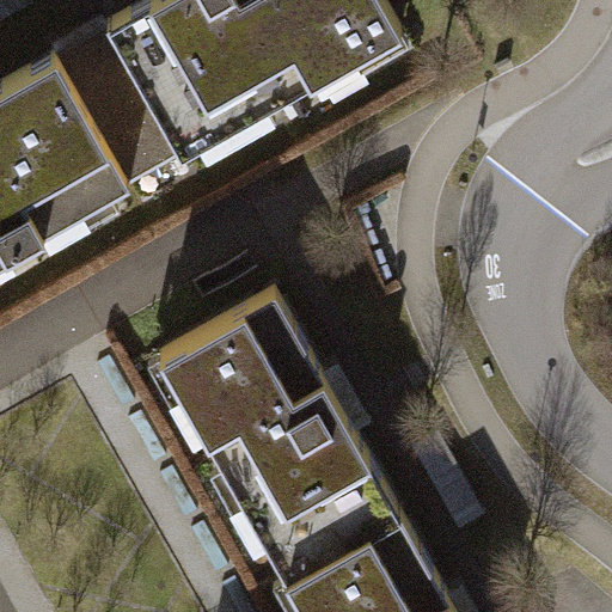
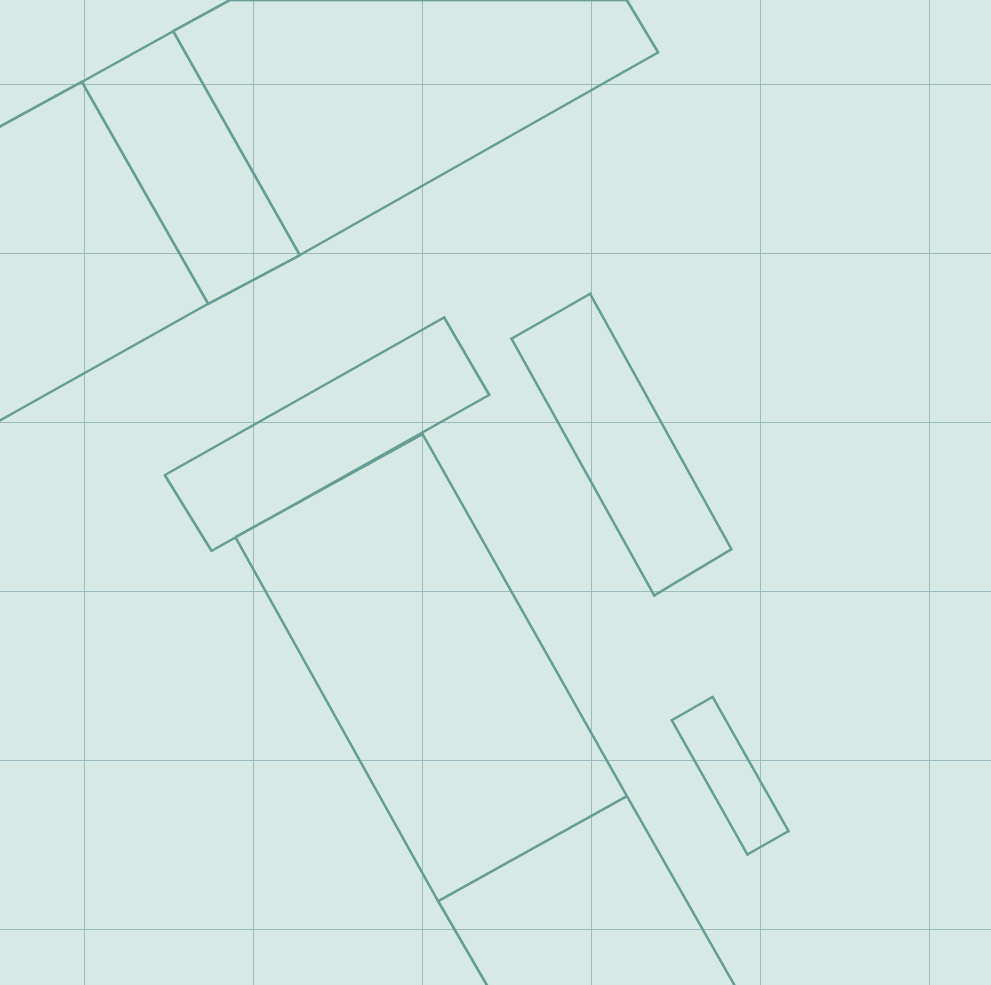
building: none -> [511,294,731,596]
building: none -> [165,317,489,551]

